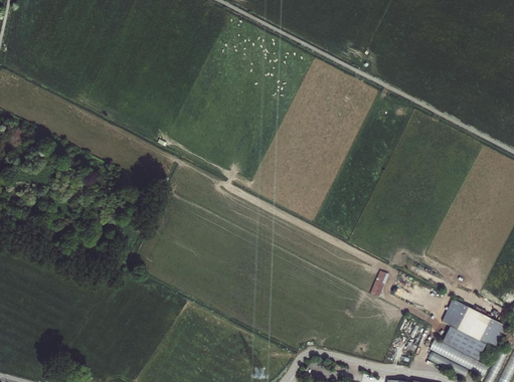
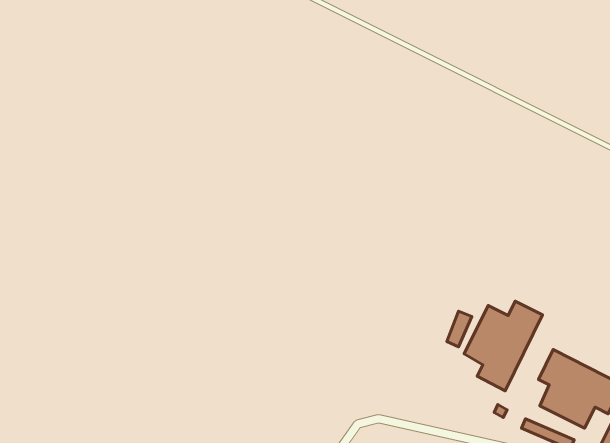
building: none -> [464,301,542,391]

